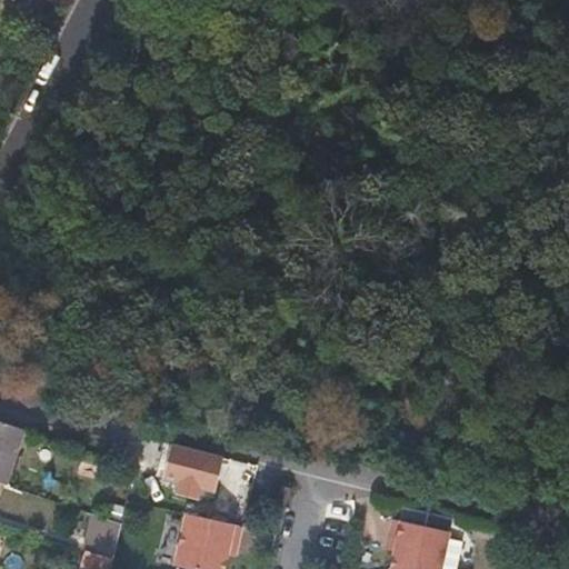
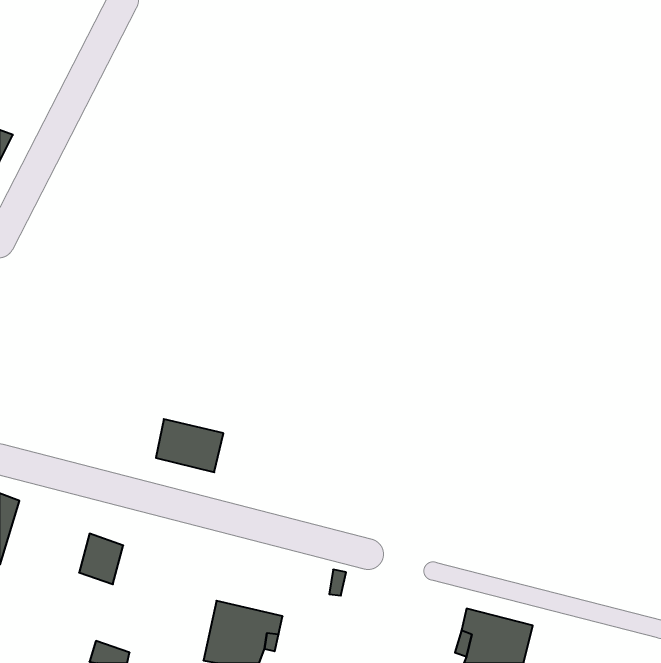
building: [163,446,221,491] -> [156,419,223,472]
building: [82,516,120,559] -> [79,534,123,584]

